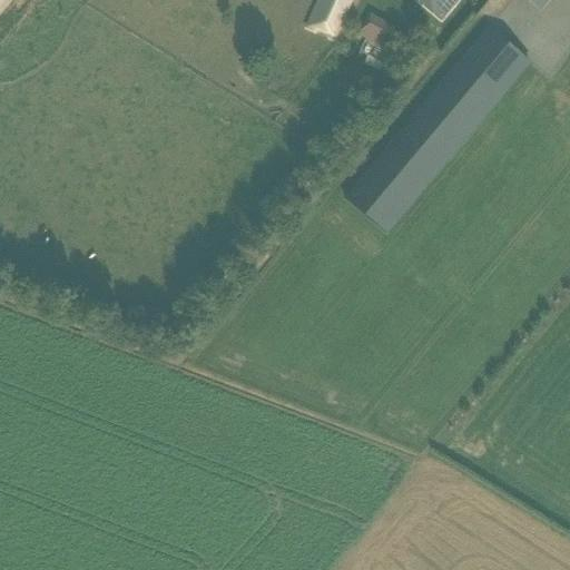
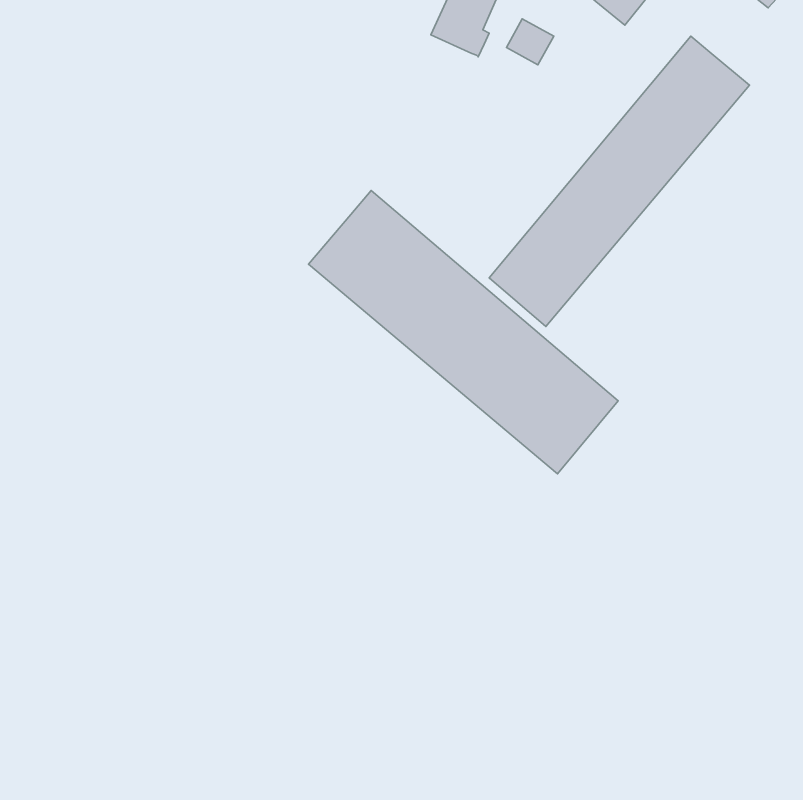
building: none -> [309,191,618,474]

